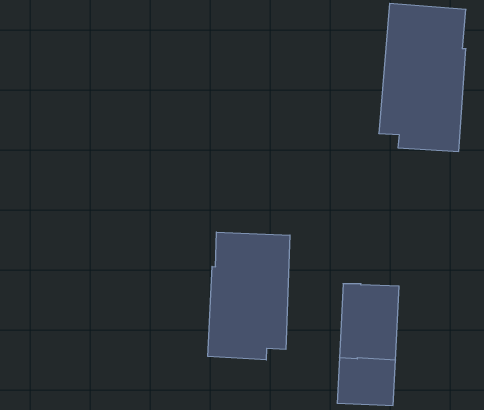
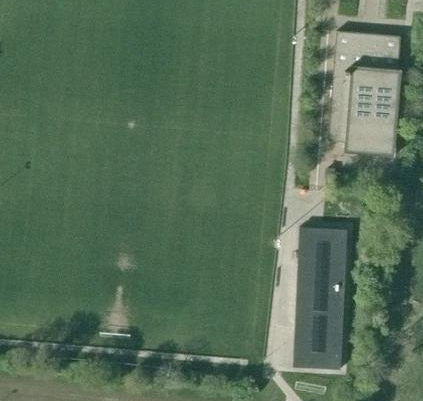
building: [208,232,290,360] -> none
building: none -> [298,228,347,268]

